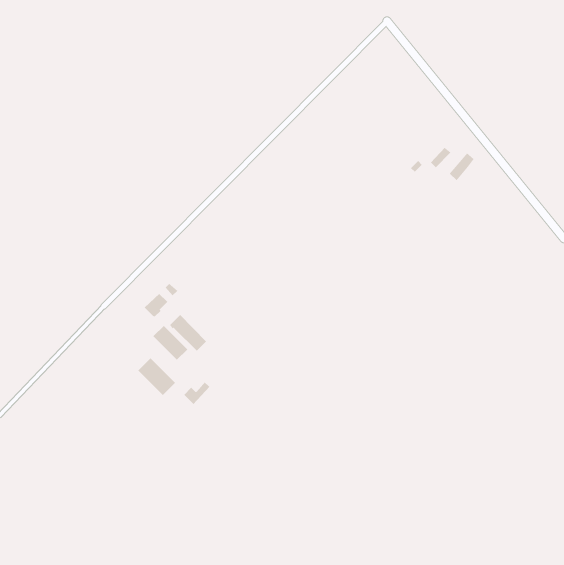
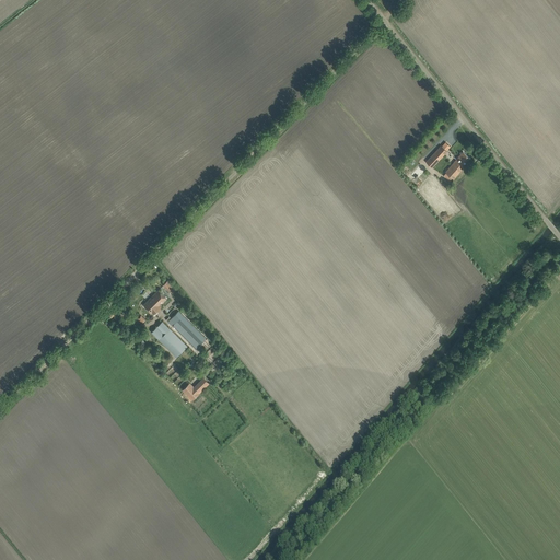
building: [138,358,176,396] -> none

